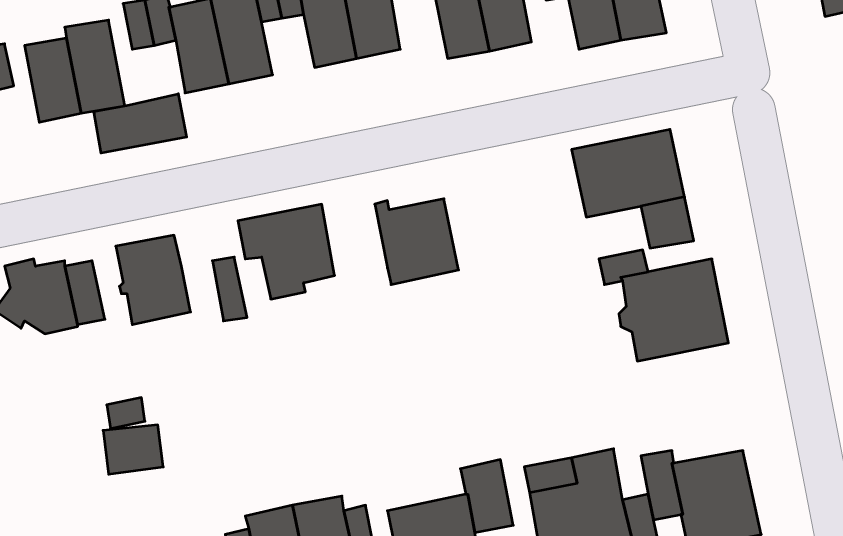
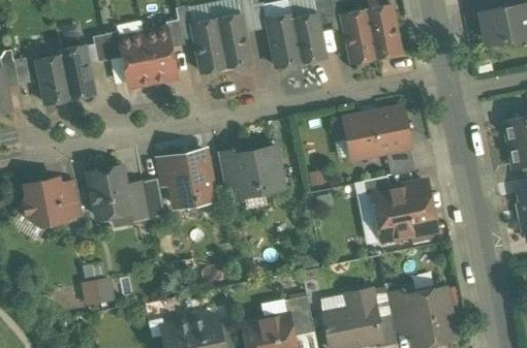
building: [94,94,187,153] -> none
building: none -> [217,150,242,189]
building: none -> [125,182,150,221]

